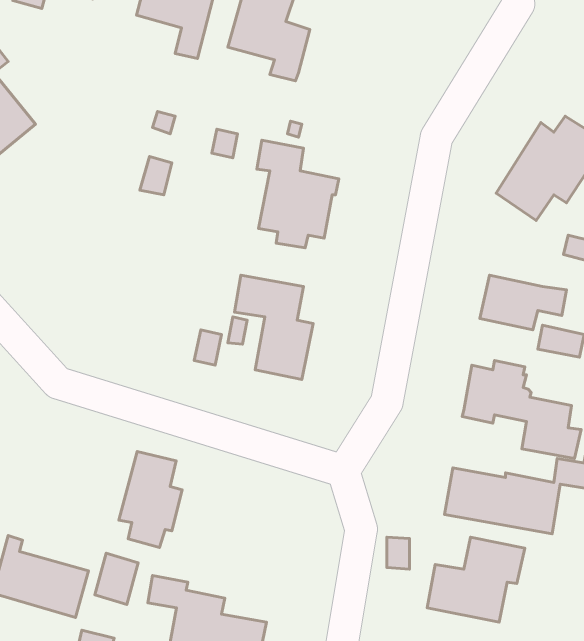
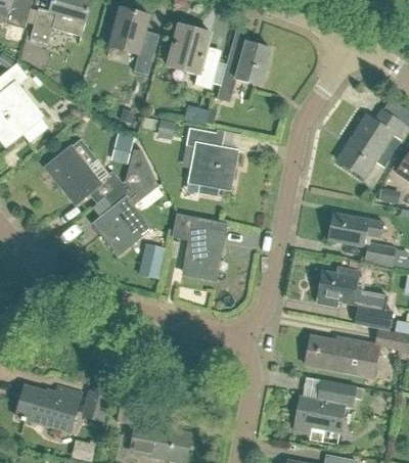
building: none -> [216,42,270,101]
building: none -> [45,139,157,254]
building: [119,452,182,548] -> none

